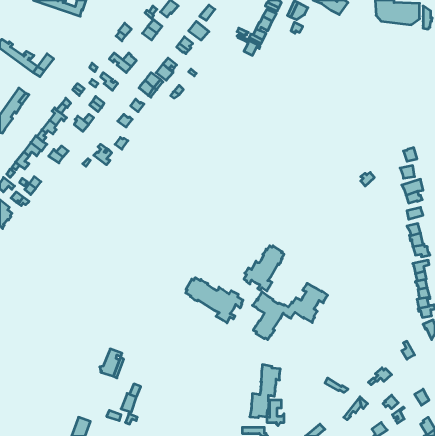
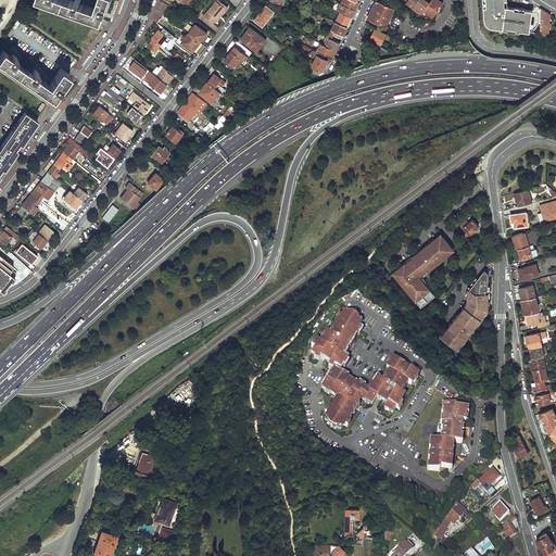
building: none -> [392,233,453,307]
building: none -> [440,269,488,351]
building: [186,278,243,323] -> none
building: [250,365,280,418] -> [429,403,468,470]

